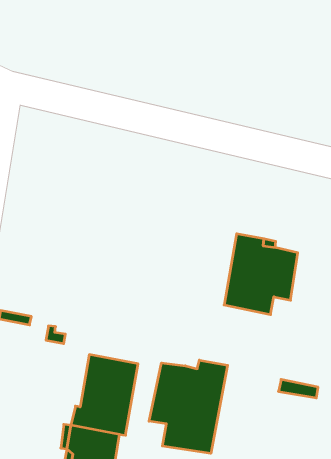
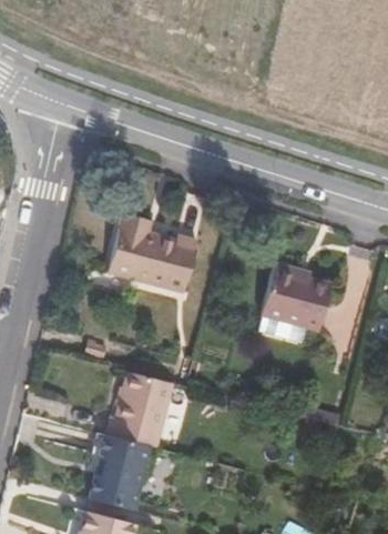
building: none -> [109,218,198,292]
building: [149,360,228,453] -> none

